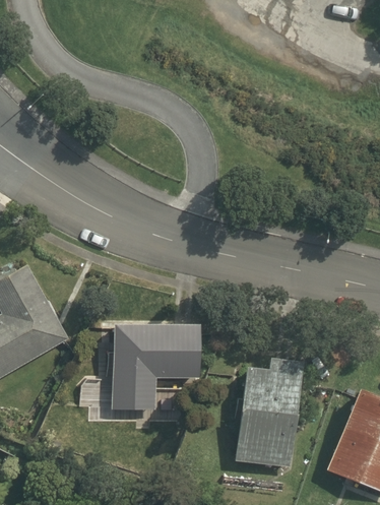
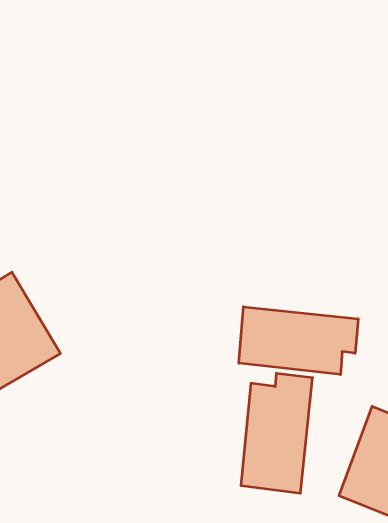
building: none -> [239,307,358,375]
building: [112,323,199,411] -> none

